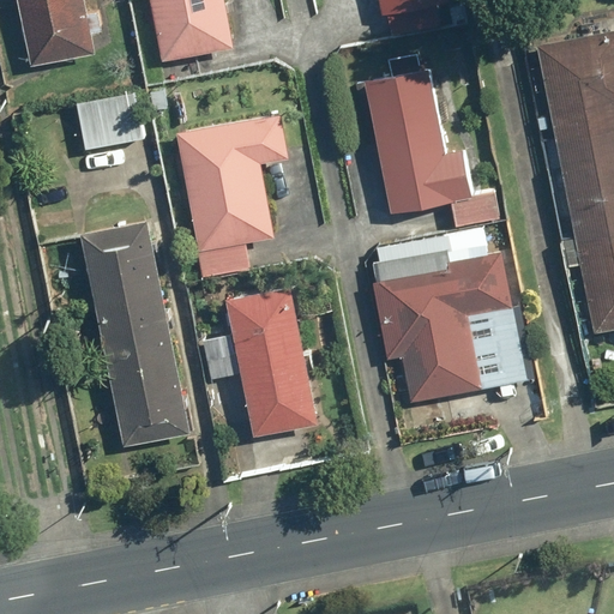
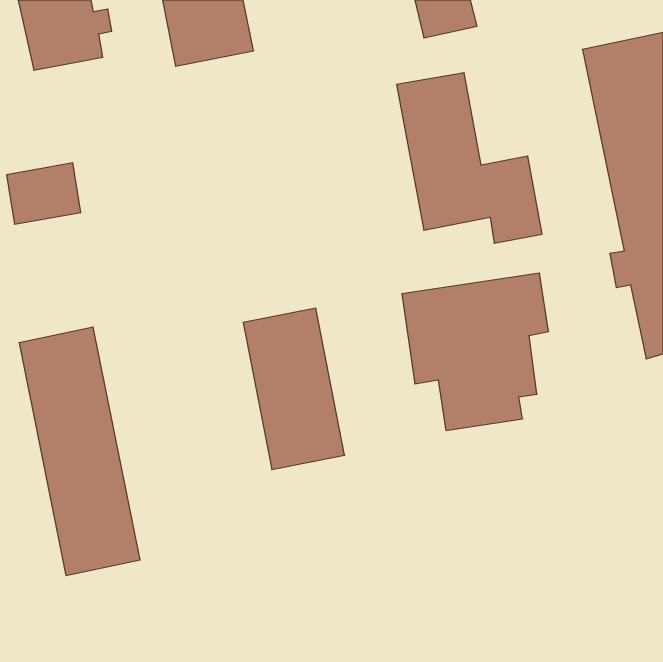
building: [76,92,144,149] -> [7,163,81,224]
building: [176,114,288,277] -> none
building: [79,218,191,447] -> [19,327,140,575]

